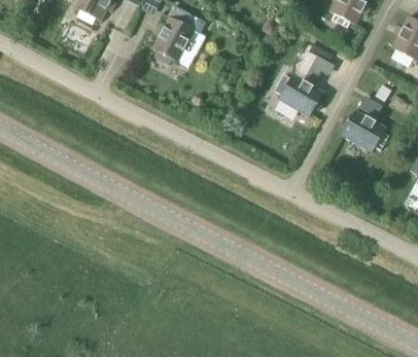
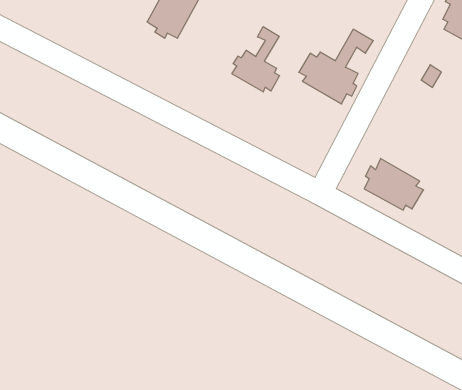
building: none -> [232,27,280,92]
building: [341,109,389,151] -> [364,158,424,210]

